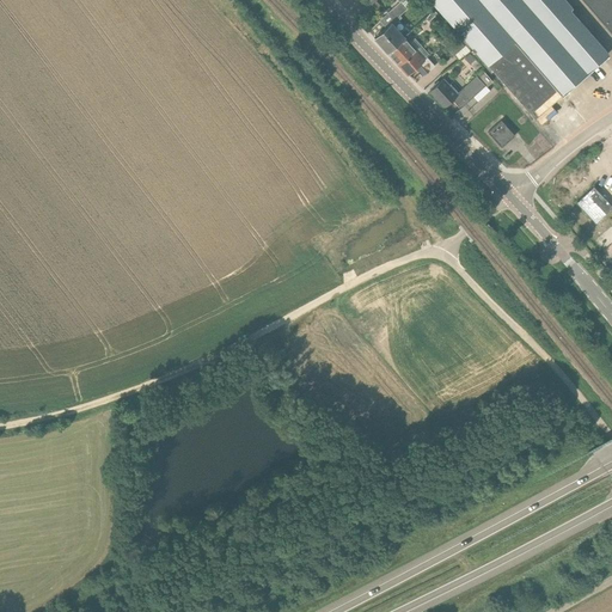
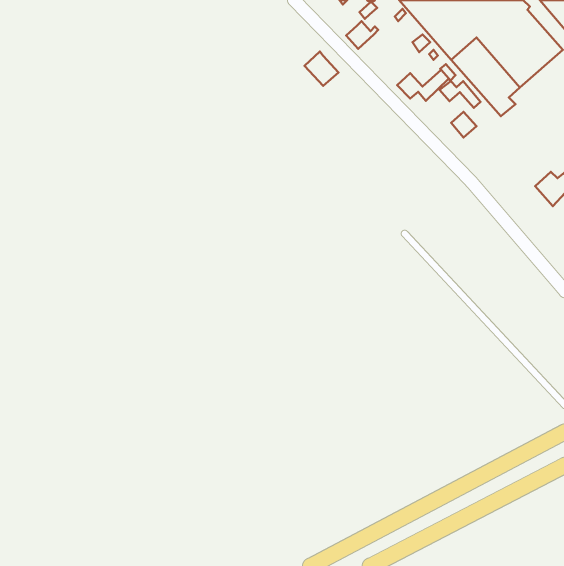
building: [388,37,426,74] -> [304,52,339,86]
building: none -> [440,81,480,108]

